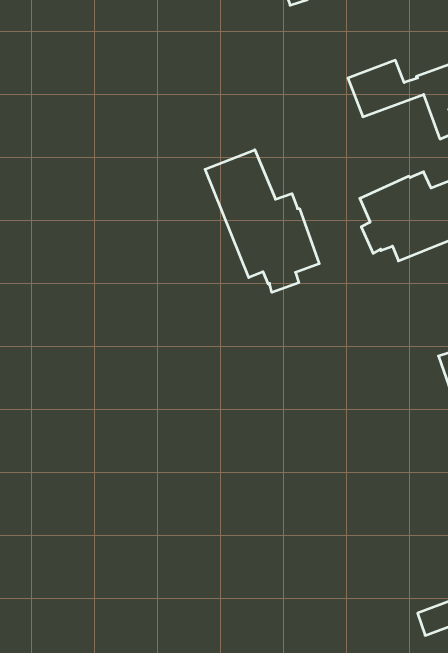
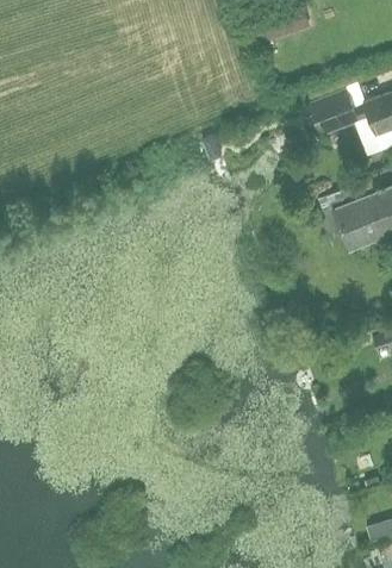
building: [205,150,319,292] -> none

